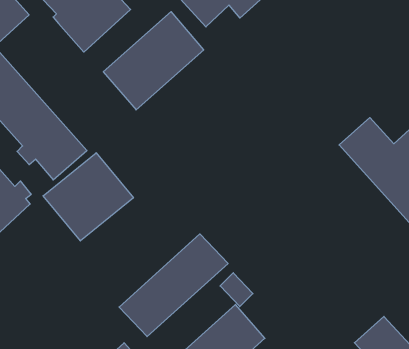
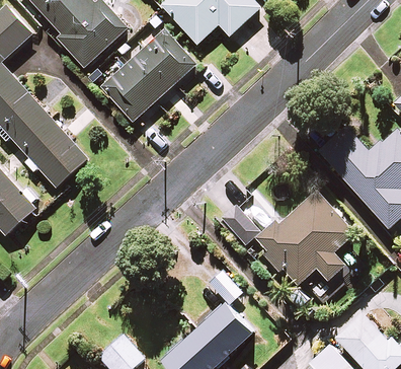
building: [43,153,133,241] -> none
building: none -> [215,190,364,299]
building: [119,234,228,337] -> none

